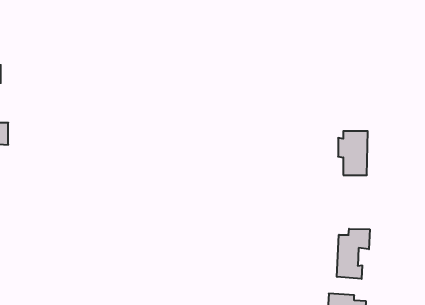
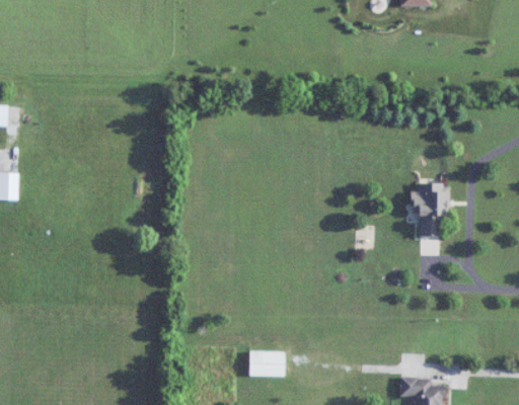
building: [337,229,370,279] -> none
building: none -> [248,351,284,376]

